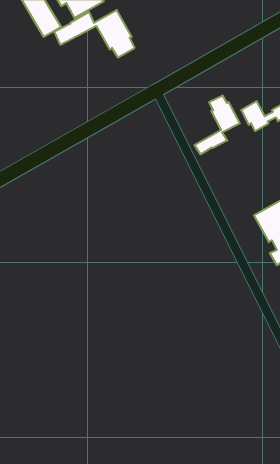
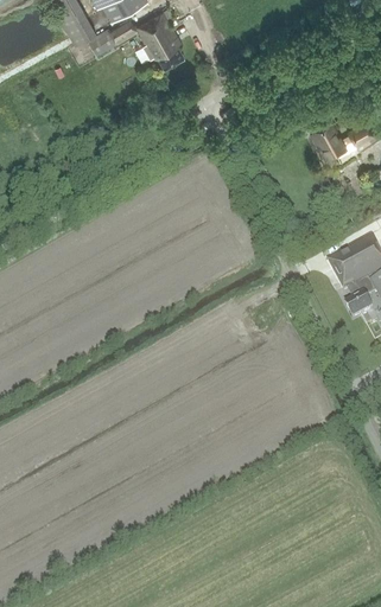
building: [194,95,240,154] -> none

